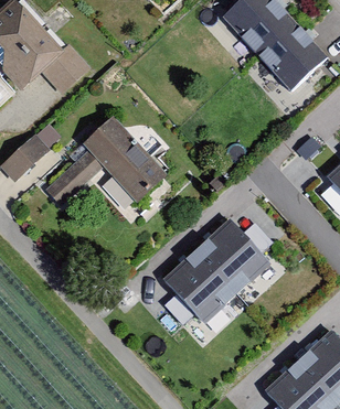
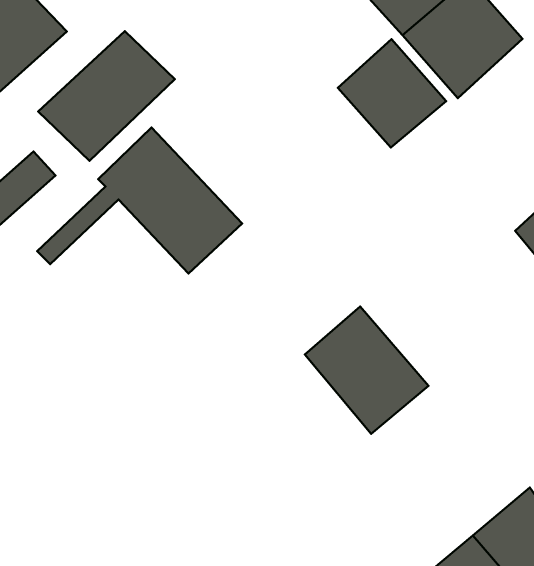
building: none -> [38,31,175,161]
building: none -> [338,39,446,148]
building: [168,249,242,325] -> none

